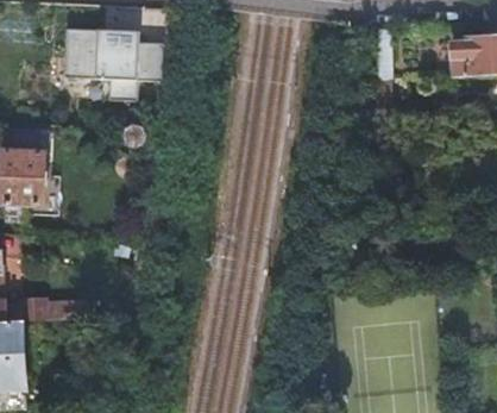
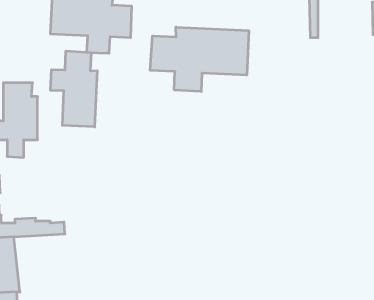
building: none -> [150,27,249,92]
building: none -> [51,51,97,127]

